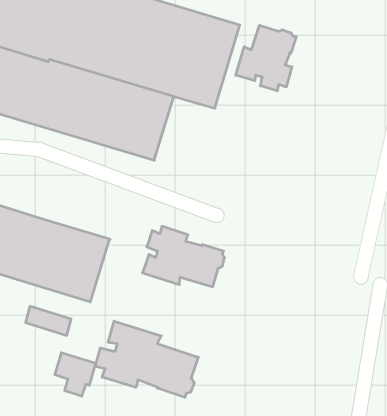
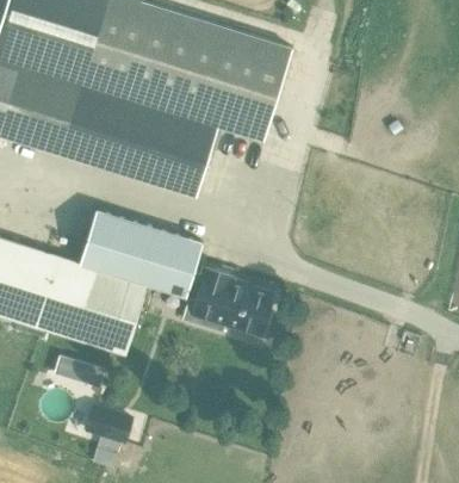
building: [236,25,296,91] -> none
building: none -> [80,212,204,299]
building: [95,321,198,397] -> none

